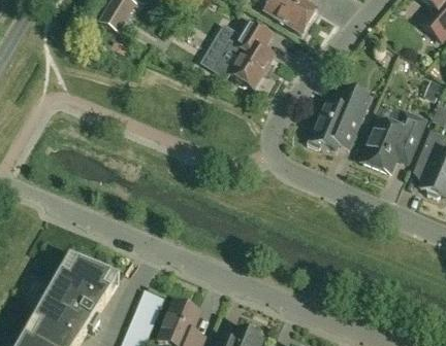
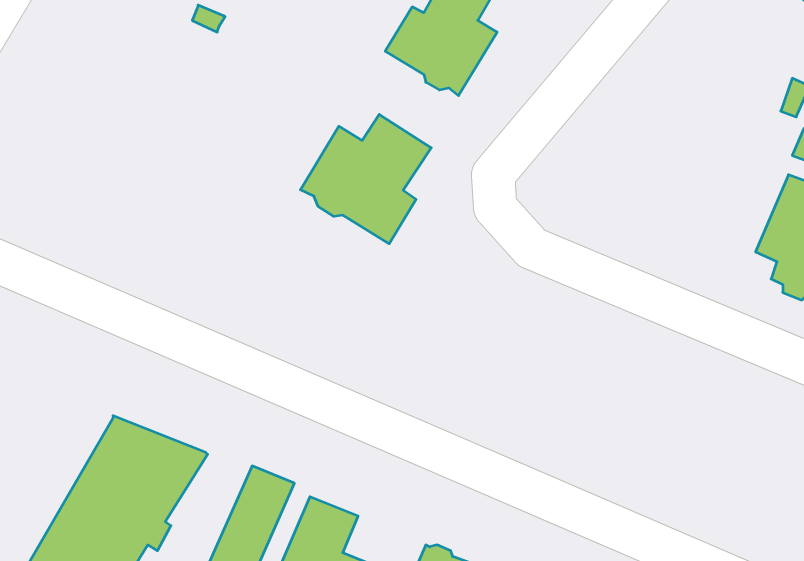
building: [308,85,371,149] -> none
building: none -> [300,114,431,244]
building: [362,109,426,172] -> none

